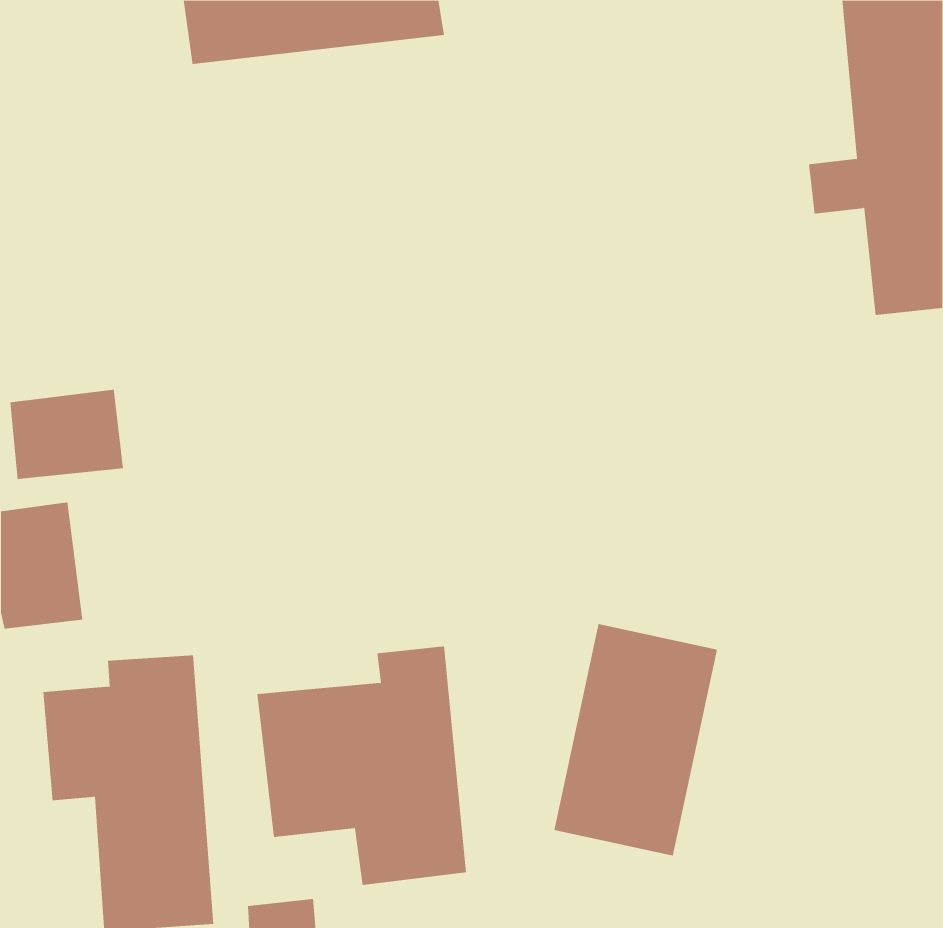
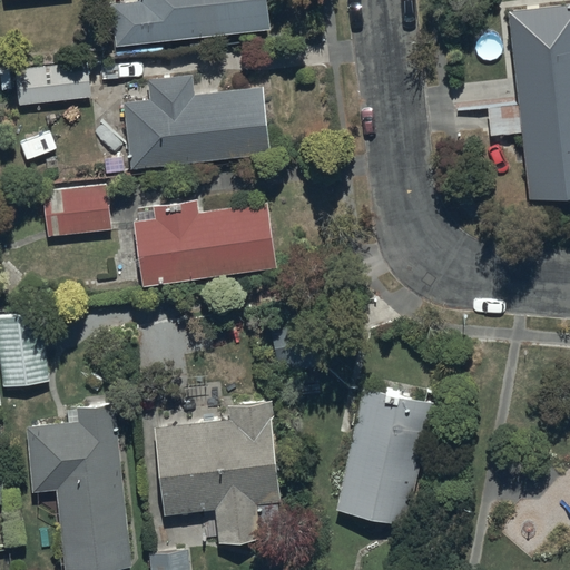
building: none -> [6,63,91,106]
building: none -> [124,75,269,168]
building: none -> [132,199,276,287]
building: [9,389,124,480] -> [42,184,111,238]

